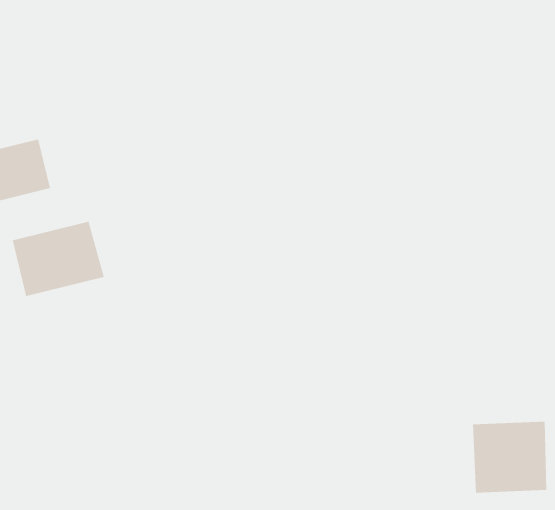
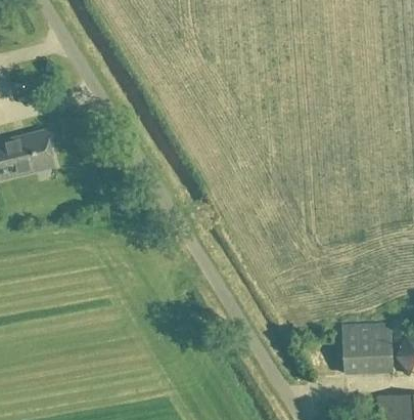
building: [12,221,104,297] -> none

